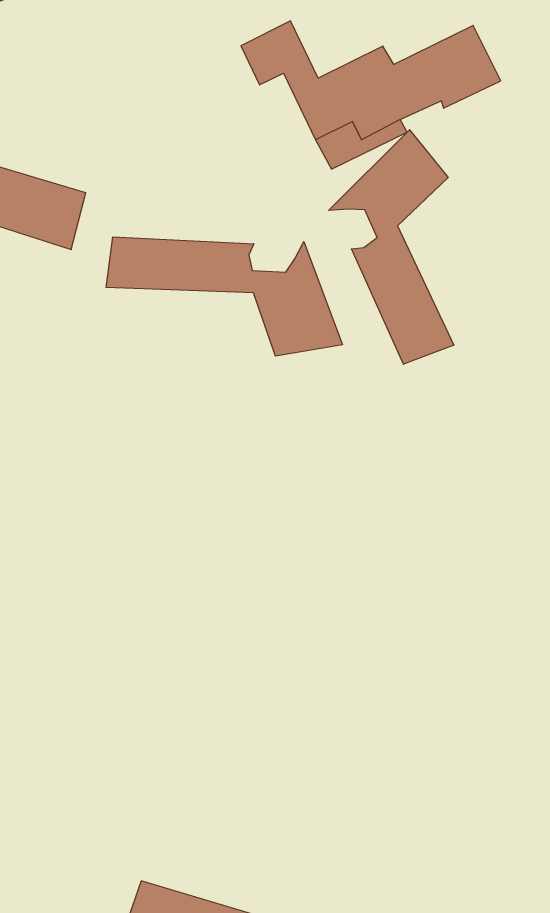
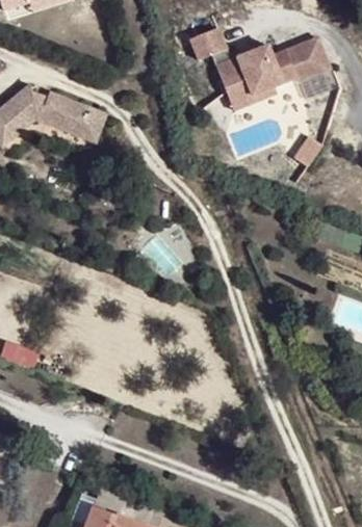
building: [329,130,454,364] -> none
building: [106,237,342,356] -> none

